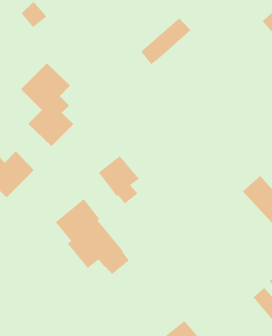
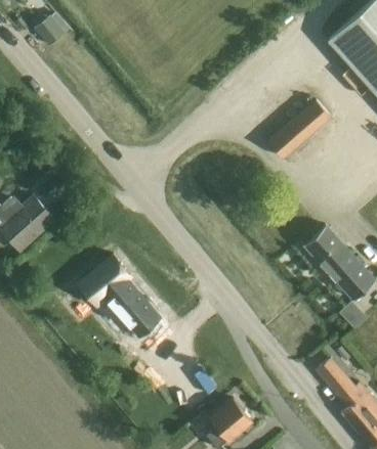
building: [140,18,191,65] -> [269,100,331,158]
building: [20,62,74,147] -> none
building: [98,155,140,204] -> none

